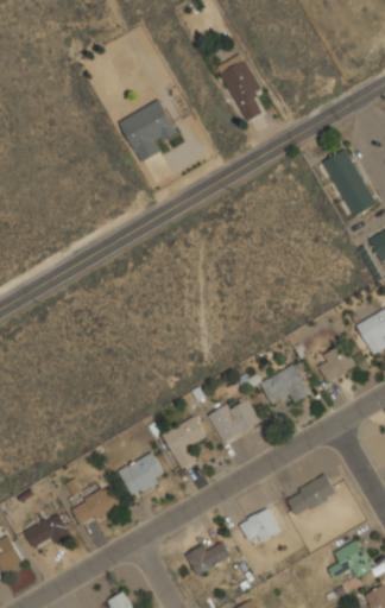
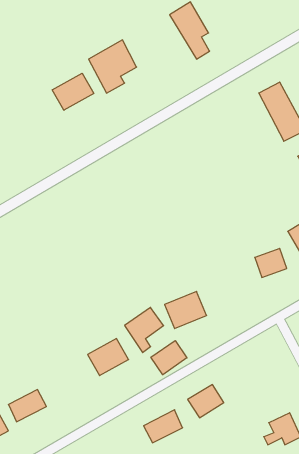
building: none -> [52,73,94,110]
building: [260,365,310,404] -> none
building: none -> [151,341,187,375]
building: [284,474,335,518] -> none
building: [70,487,120,525] -> none

